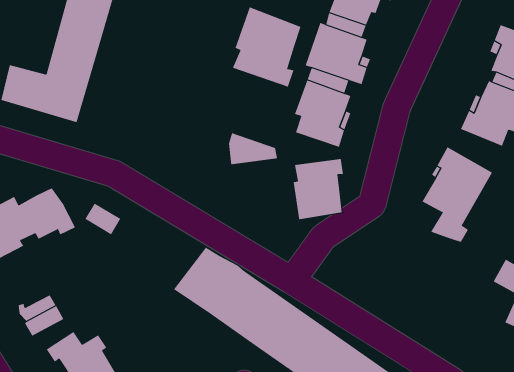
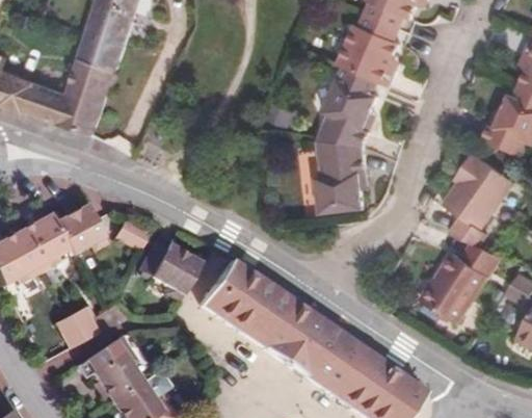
building: [232,7,301,88] -> none
building: [228,133,278,165] -> [314,148,362,179]
building: none -> [138,236,198,294]
building: none -> [424,251,499,333]

